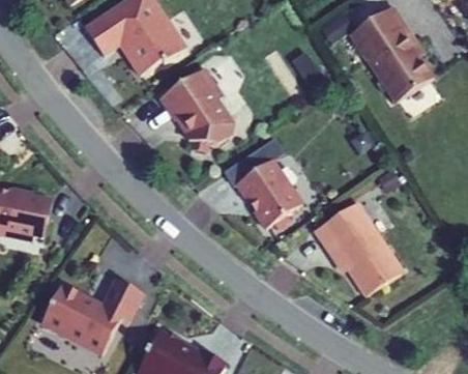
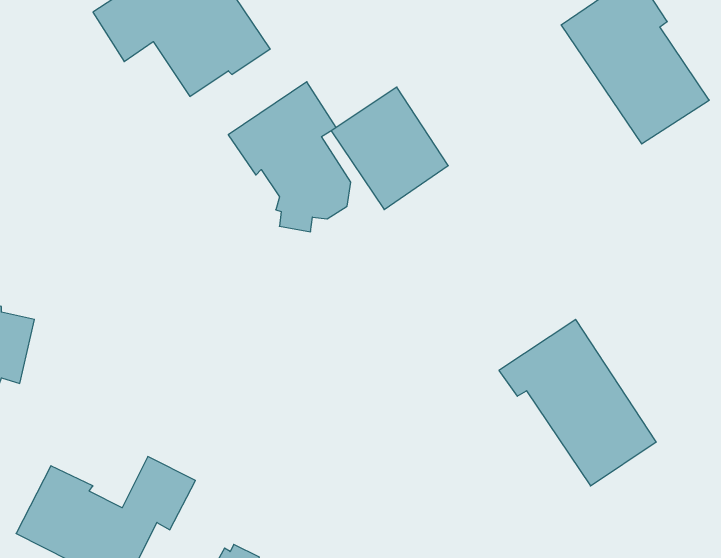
building: [235,159,301,228] -> [331,87,448,210]

